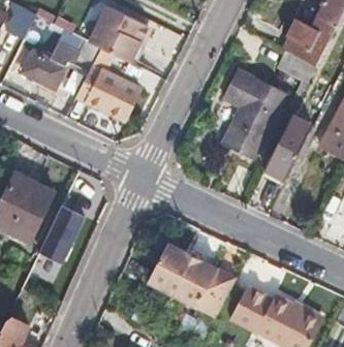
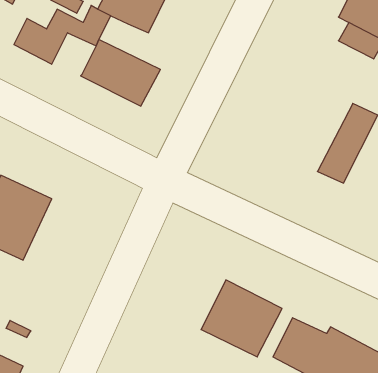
building: [221,71,285,159] -> none
building: [39,206,85,262] -> none
building: [147,244,191,295] -> none

